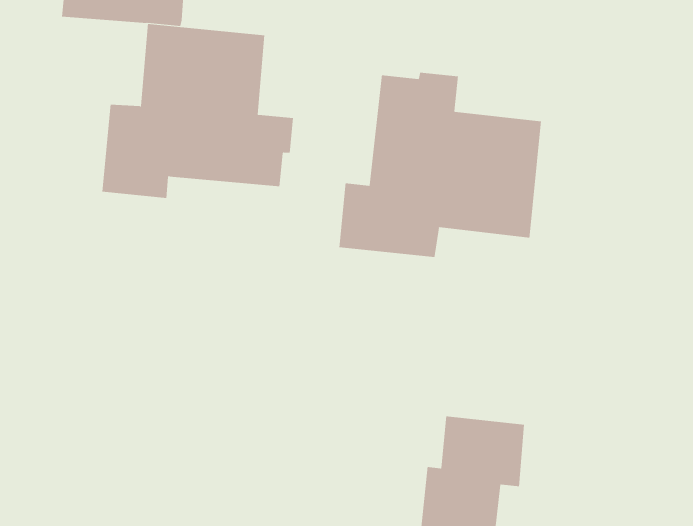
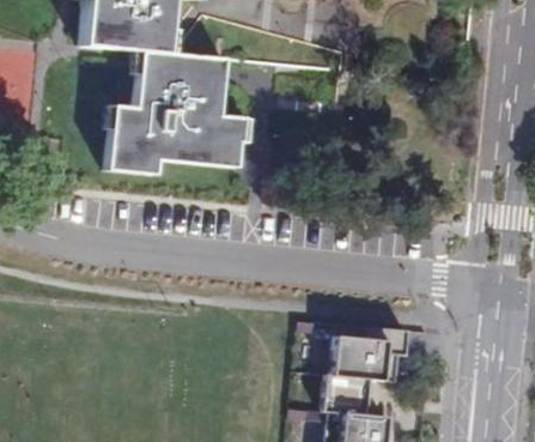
building: [339,72,542,258] -> none

